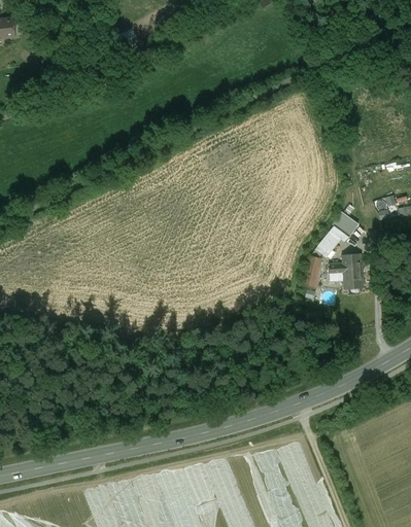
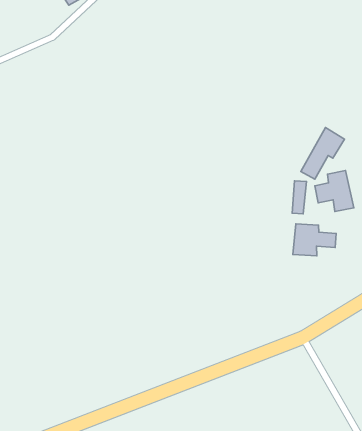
building: none -> [293,224,336,256]

